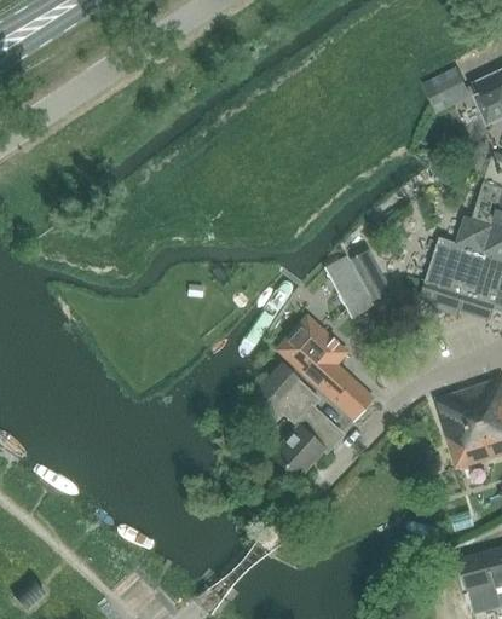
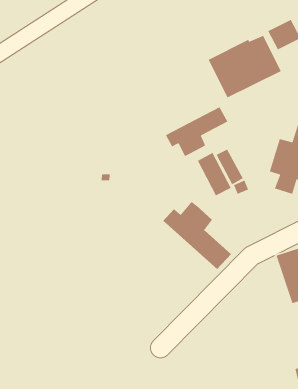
building: none -> [208,35,282,98]
building: none -> [165,106,228,157]
building: [249,363,341,475] -> none

